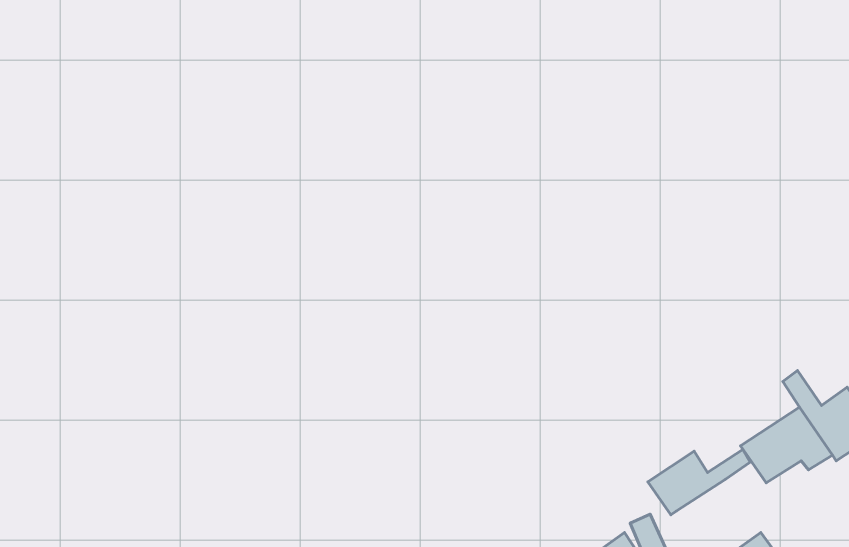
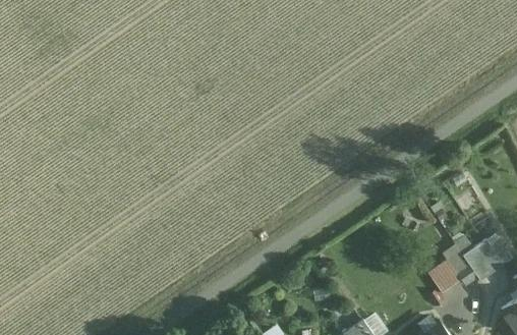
building: [648,449,750,515] -> none

